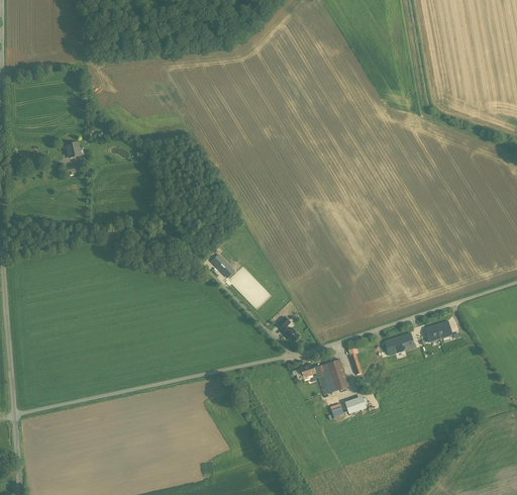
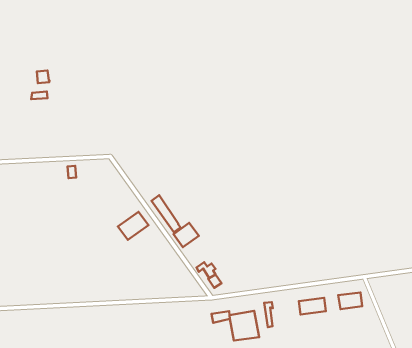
building: none -> [118,212,149,240]
building: none -> [173,223,199,247]

